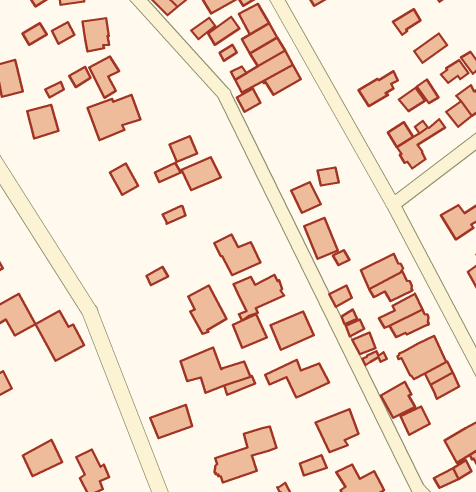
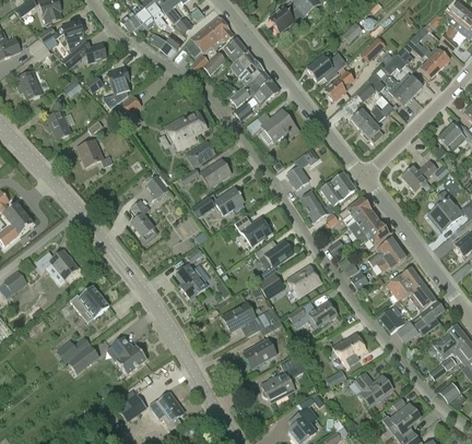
building: none -> [307,52,346,81]
building: [87,95,141,140] -> [165,111,206,149]
building: none -> [246,110,298,144]
building: none -> [131,201,157,243]
building: none -> [213,187,245,215]
building: none -> [320,172,356,207]
building: none -> [339,197,370,226]
building: [188,286,227,334] -> [175,263,206,300]
building: [36,311,84,361] -> [107,337,146,375]
building: none -> [414,301,444,335]
building: [150,405,192,438] -> [243,339,275,368]

